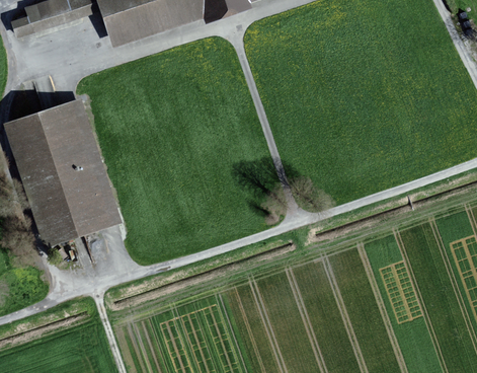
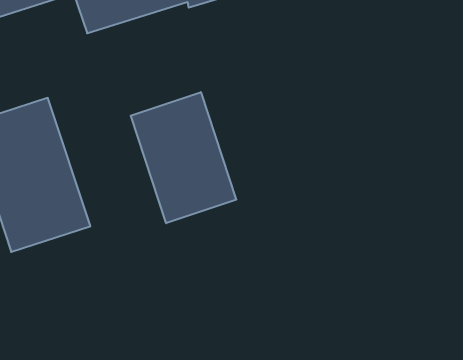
building: none -> [131,92,236,223]

